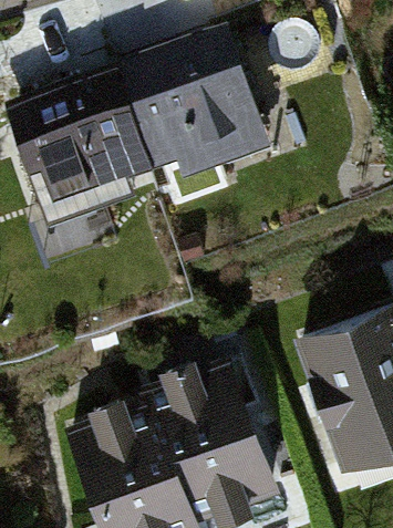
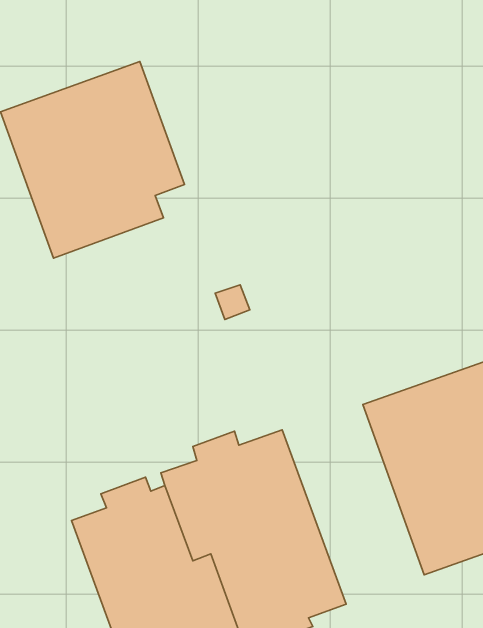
building: [118,29,271,179] -> none

